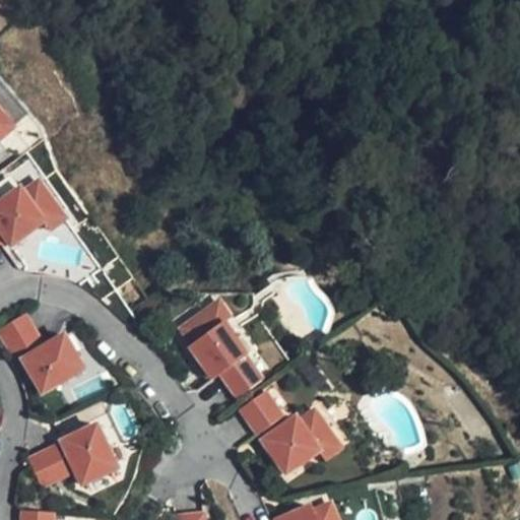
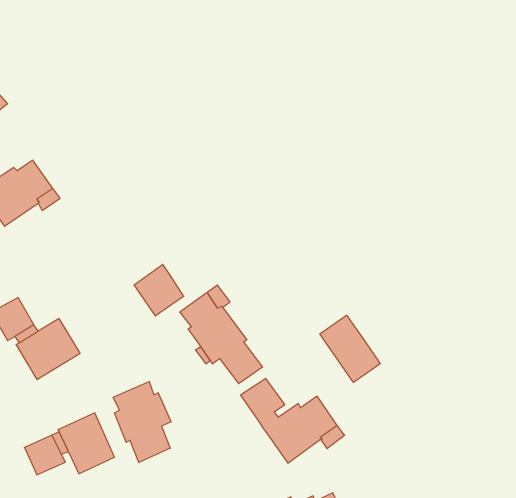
building: none -> [134,264,184,316]
building: none -> [320,315,380,382]
building: none -> [113,381,171,463]

